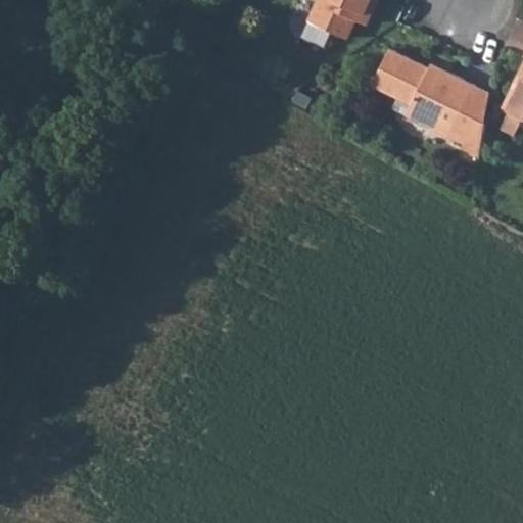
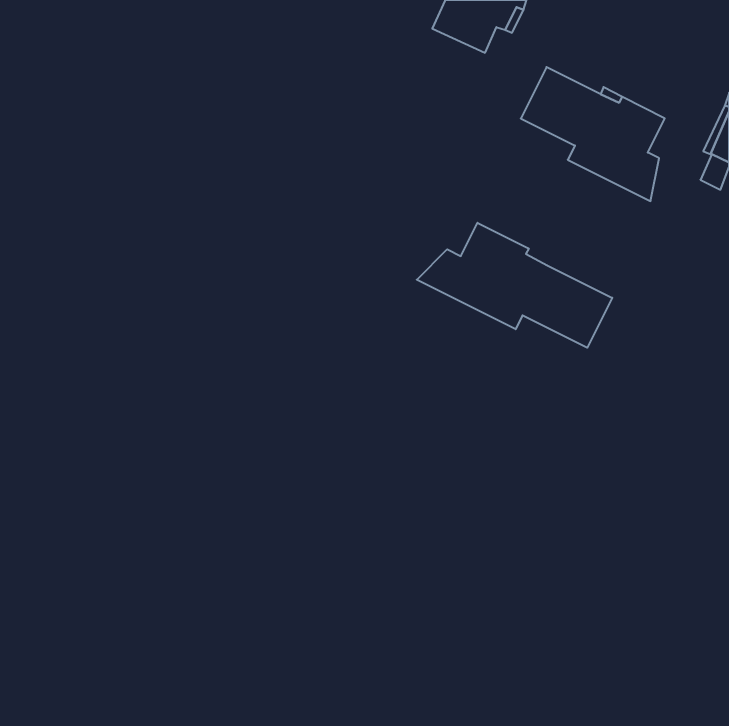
building: none -> [417,223,612,348]

